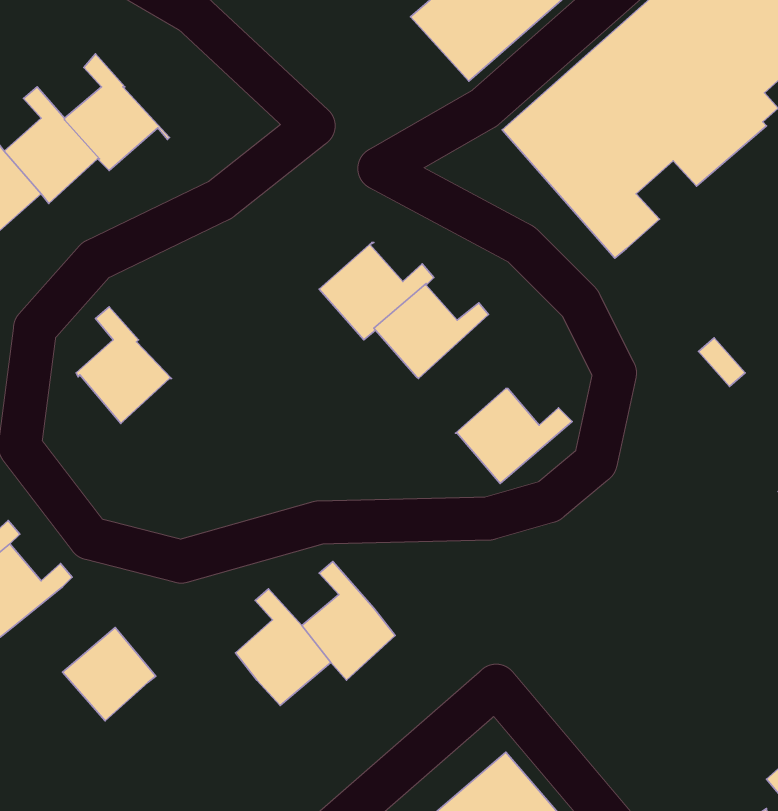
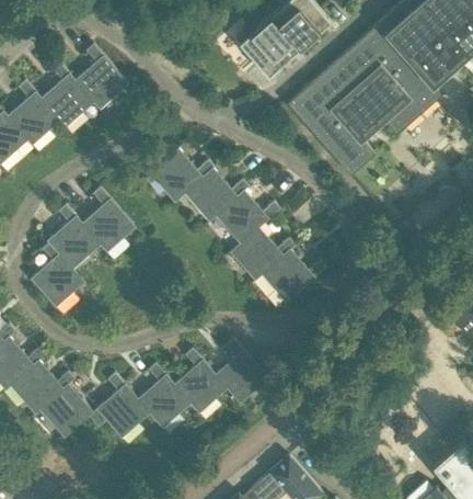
building: none -> [74,43,128,107]
building: none -> [150,148,215,202]
building: none -> [82,185,137,251]
building: none -> [230,207,296,281]
building: none -> [32,241,85,307]
building: none -> [216,337,269,402]
building: none -> [11,361,77,413]
building: none -> [89,372,150,438]

